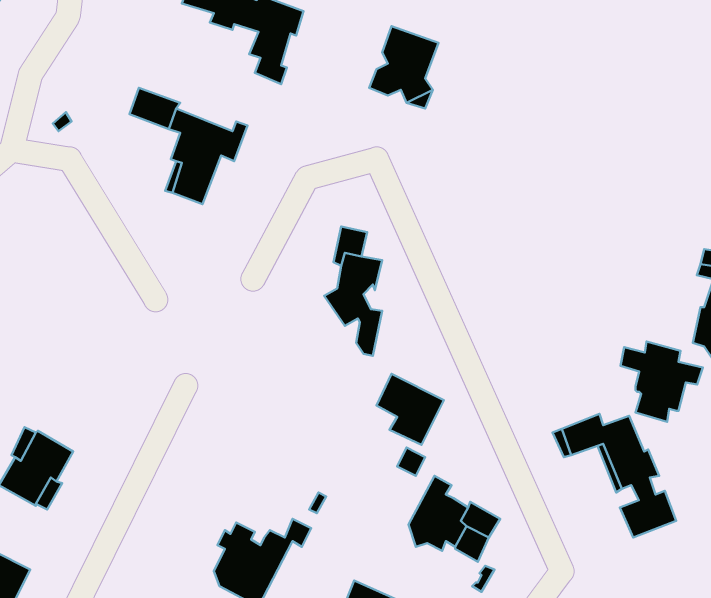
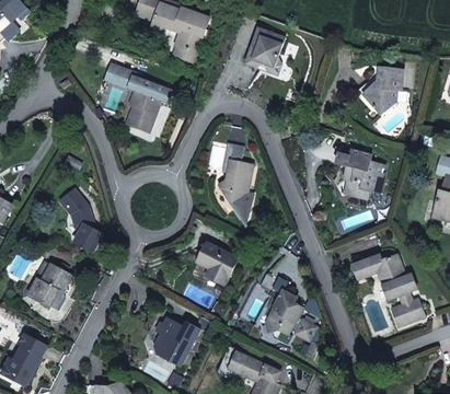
building: none -> [361,68,402,115]
building: none -> [59,189,102,252]
building: [620,341,703,422] -> [335,150,383,197]
building: [377,374,444,445] -> [197,243,236,285]

